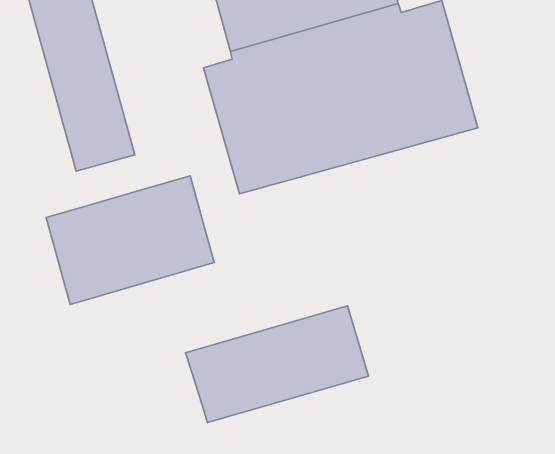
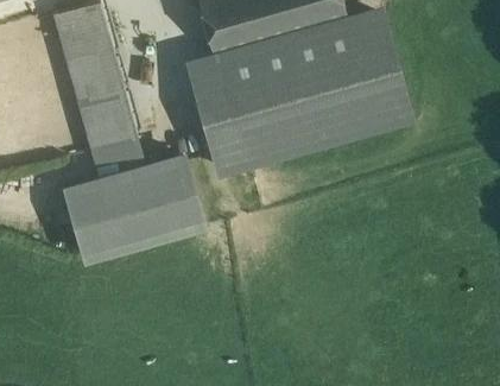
building: none -> [93,138,146,178]
building: [185,306,368,422] -> none

